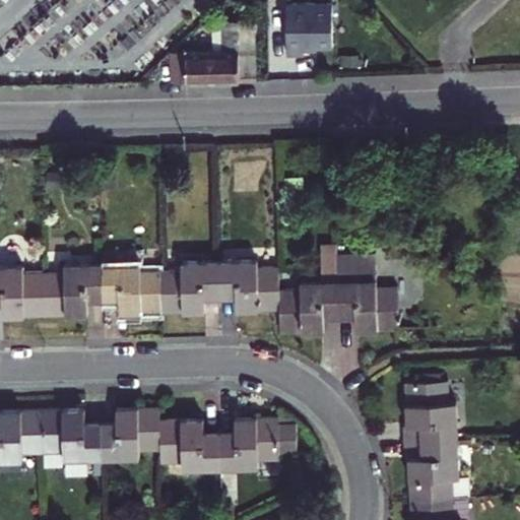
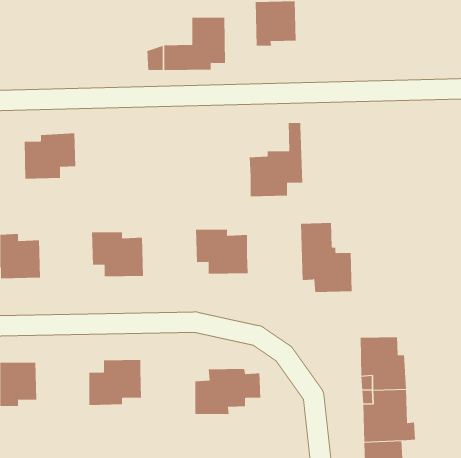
building: [278,252,339,335] -> [249,123,303,197]
building: [160,262,220,315] -> none
building: [45,265,104,317] -> [24,133,76,179]
building: [41,410,100,460] -> none
building: [158,419,218,471] -> none

